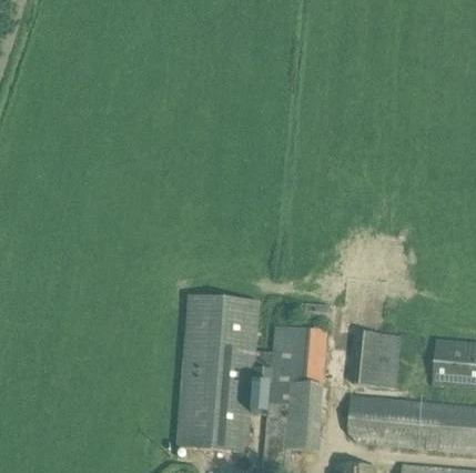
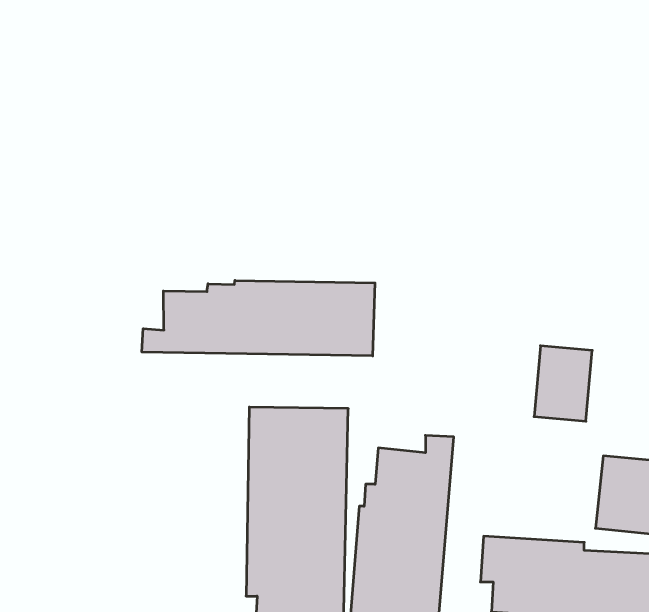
building: none -> [142,280,375,356]
building: [365,331,406,384] -> [534,346,592,421]

